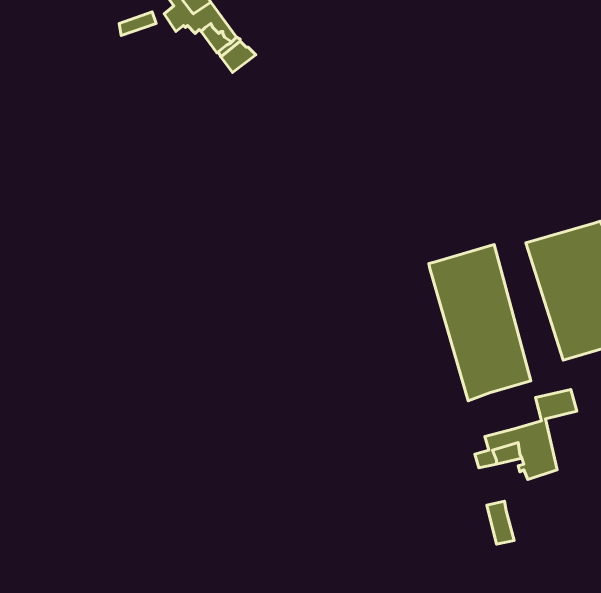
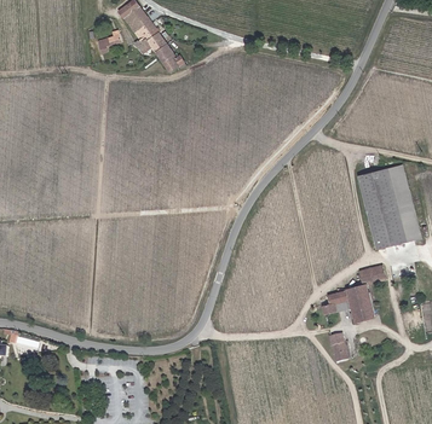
building: [429,244,531,401] -> none

